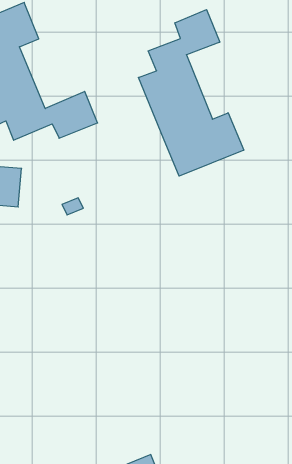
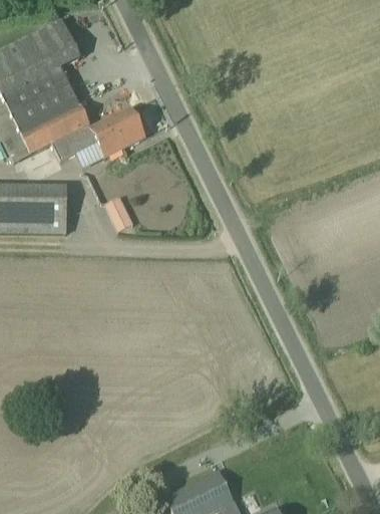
building: [138,10,244,176] -> none

